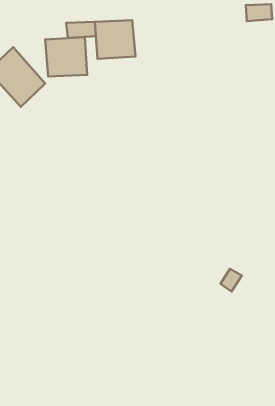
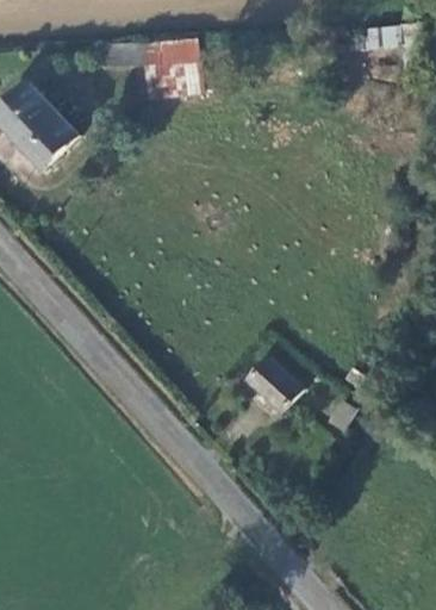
building: [45,37,87,77] -> none
building: none -> [248,354,300,406]

